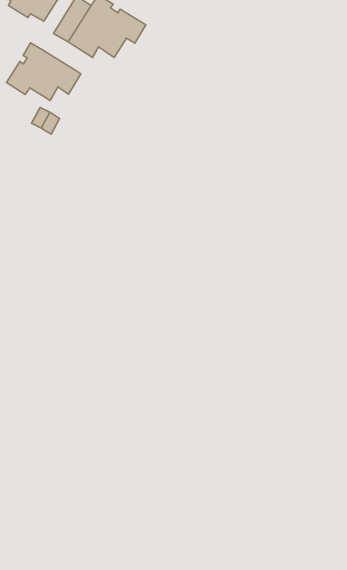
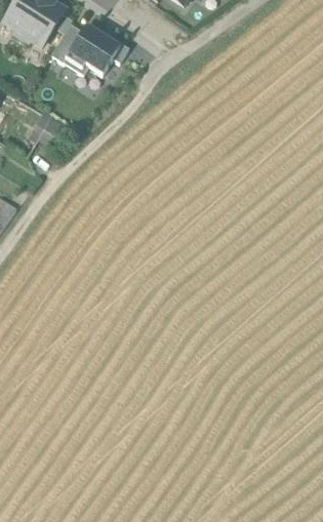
building: [6,43,81,101] -> none

